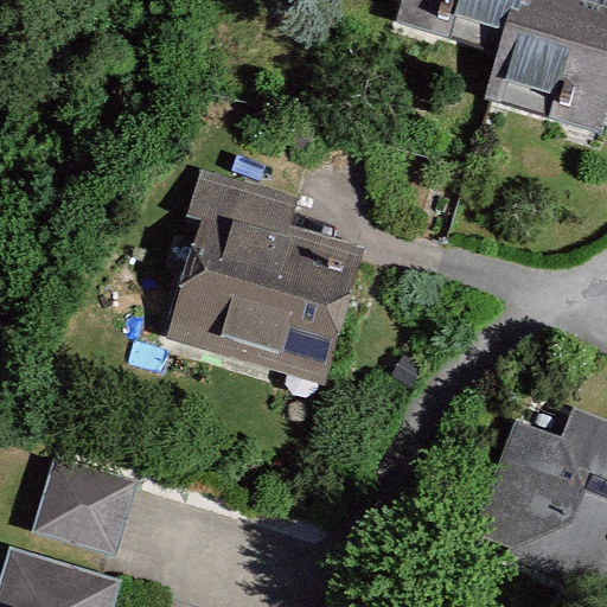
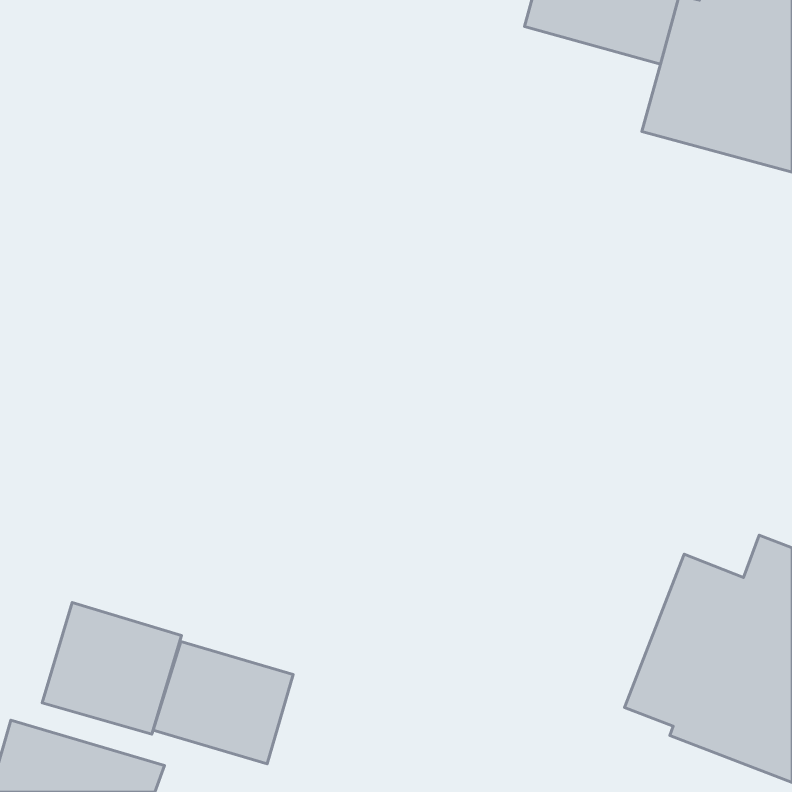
building: [166,167,363,384] -> none
building: none -> [153,642,293,764]

